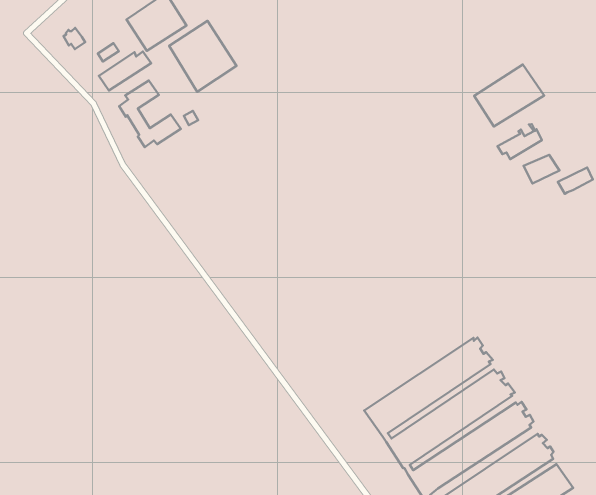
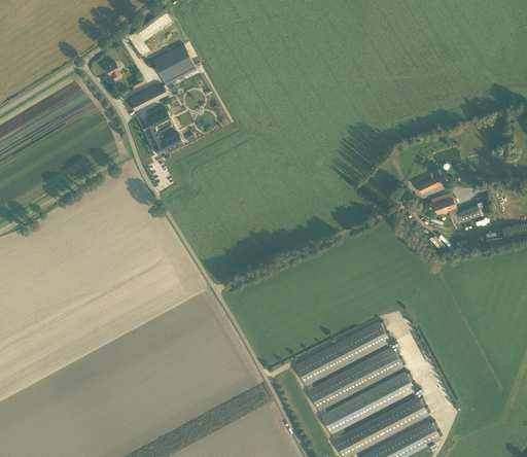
building: [169,21,236,92] -> none
building: [474,64,544,127] -> none

